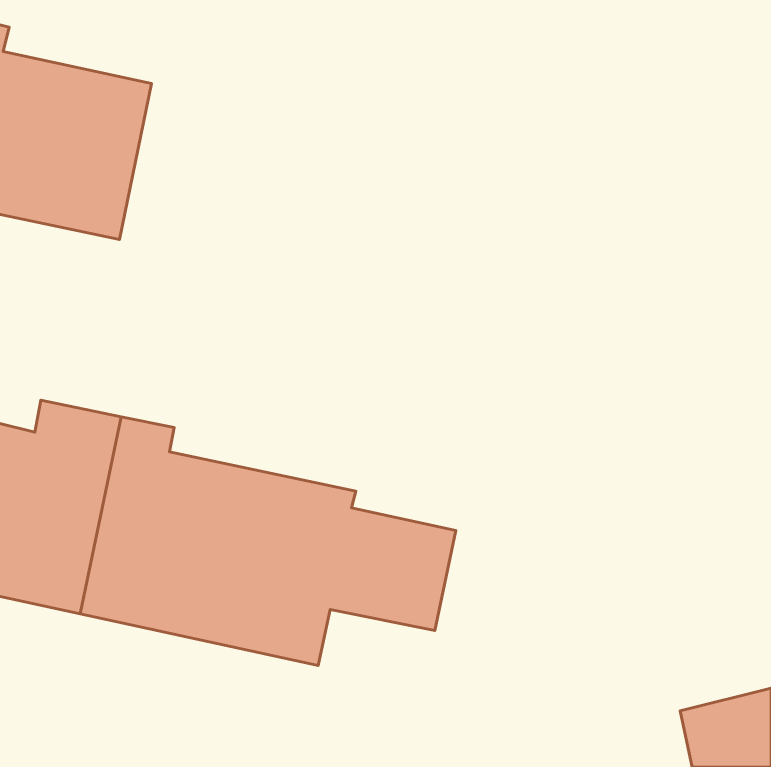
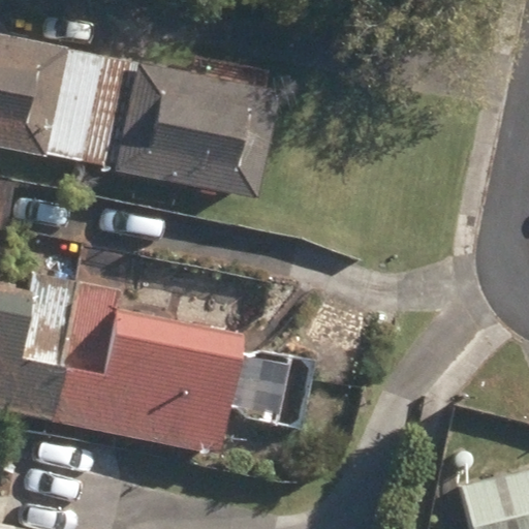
building: none -> [82,57,279,198]

